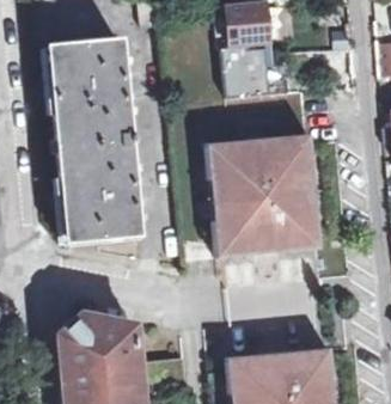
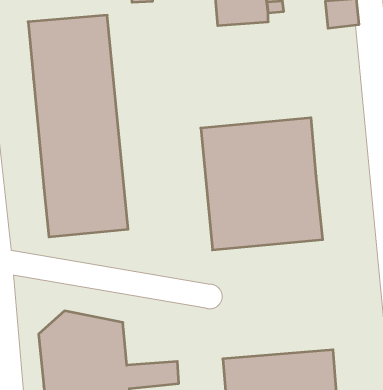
building: [225,49,273,98] -> none

